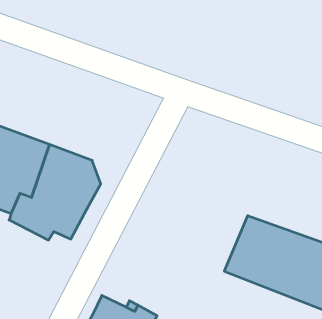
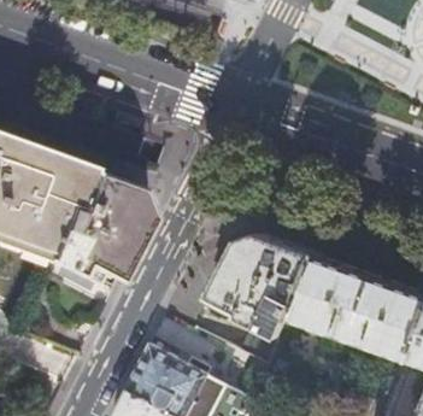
building: none -> [206,238,312,340]

